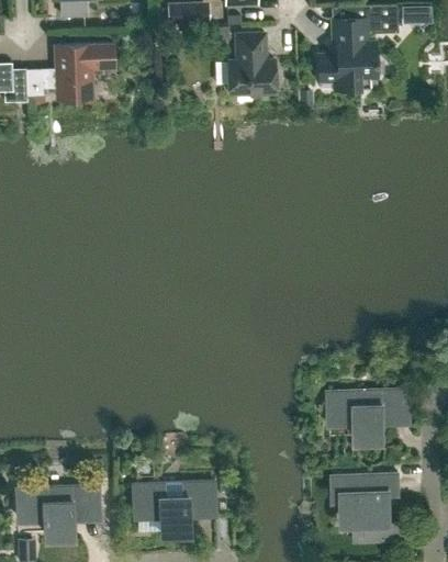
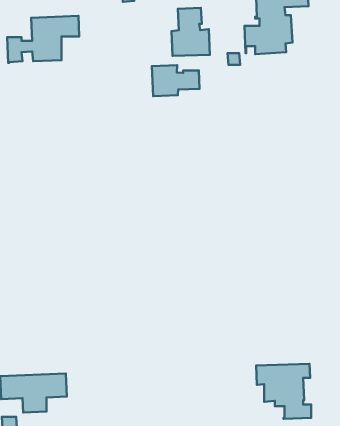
building: none -> [152,65,199,96]
building: [327,390,411,438] -> none
building: [132,482,214,530] -> none

